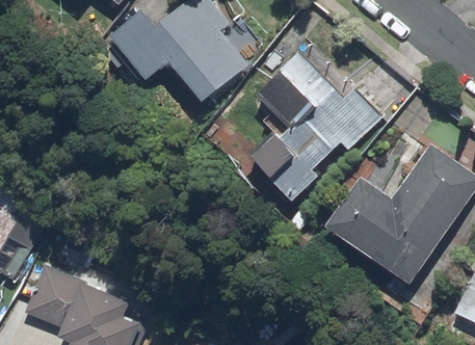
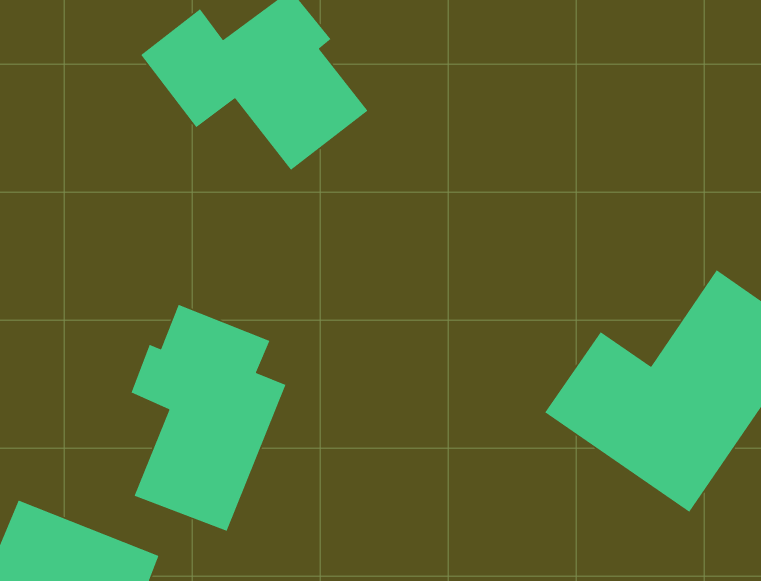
building: [258,59,372,196] -> none
building: none -> [130,304,286,532]

